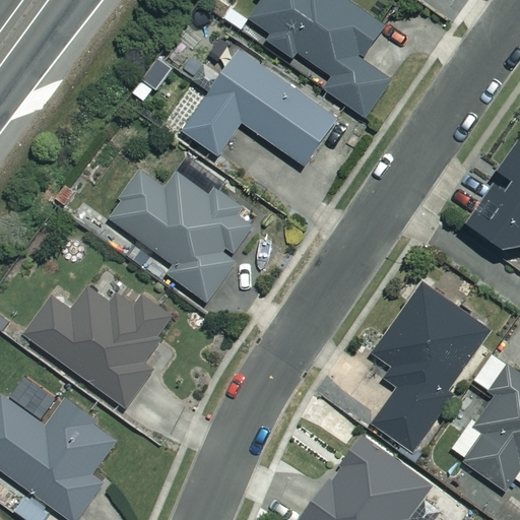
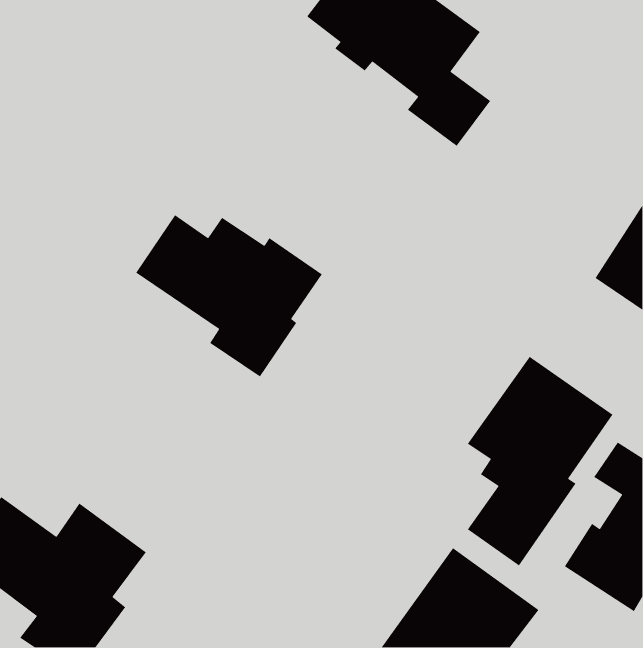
building: [184,51,337,165] -> none
building: [23,286,171,406] -> none

